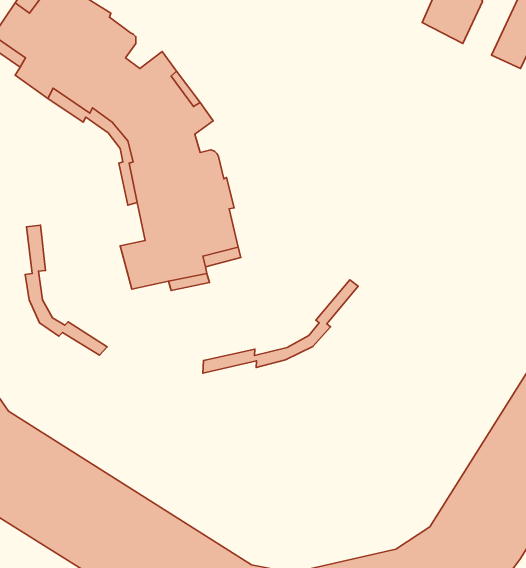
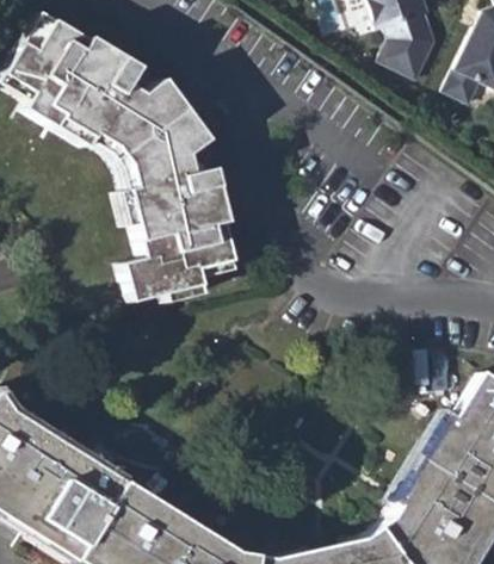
building: [25,225,107,355] -> none
building: [203,280,358,373] -> none

